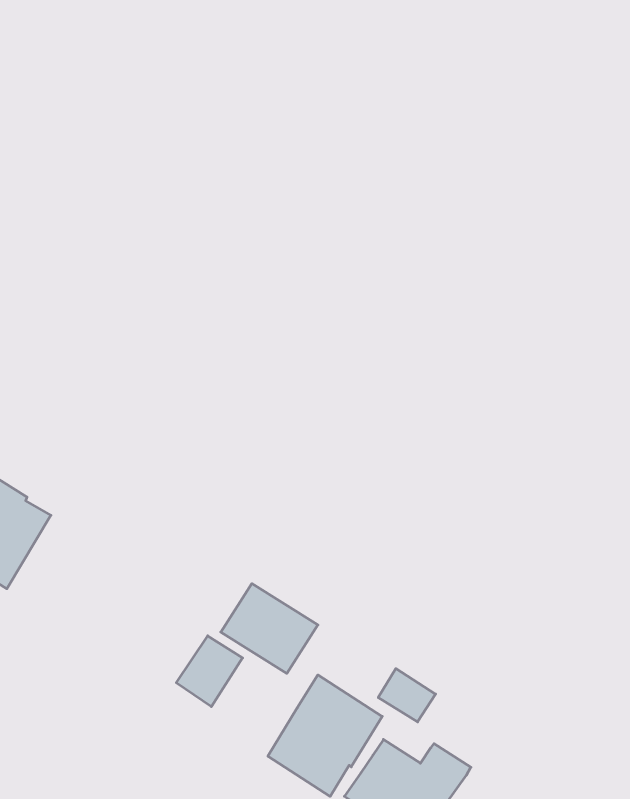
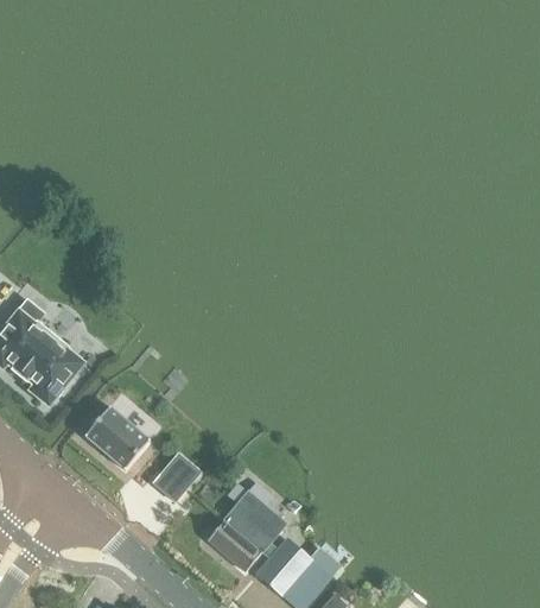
building: [221,584,318,673] -> [84,406,150,469]
building: [378,669,436,722] -> none

